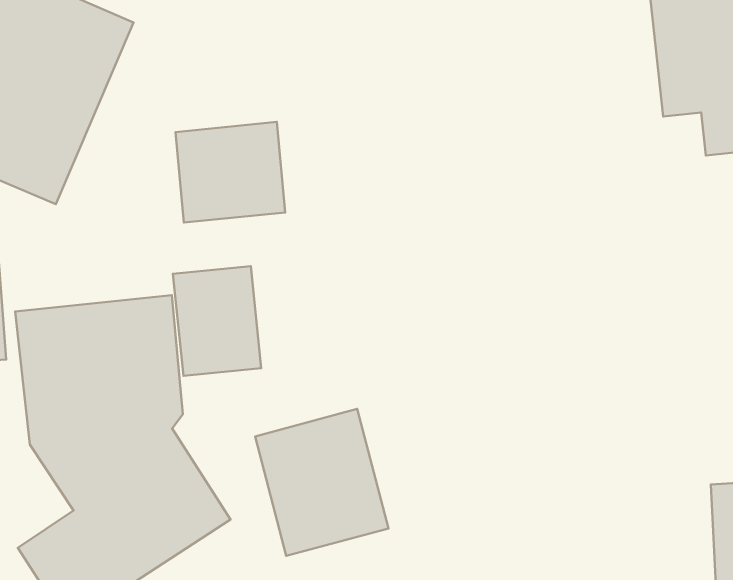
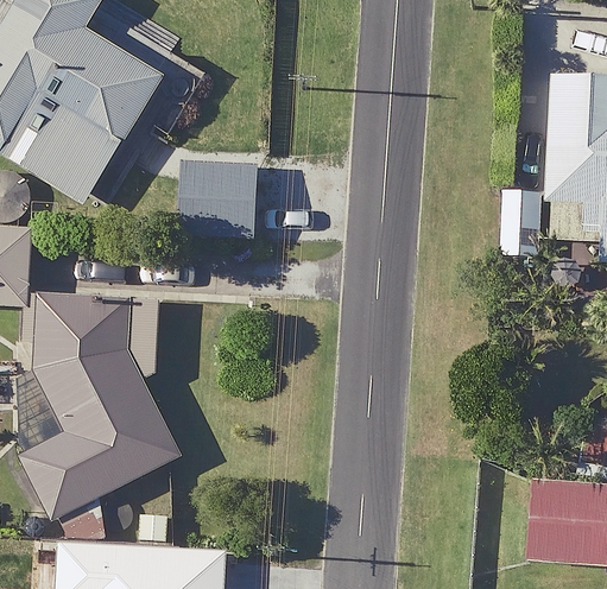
building: [173,266,261,376] -> none
building: [255,409,388,556] -> none

